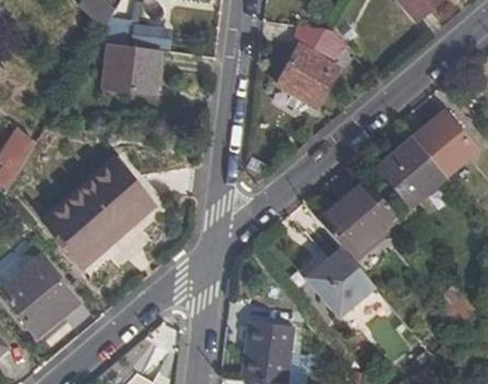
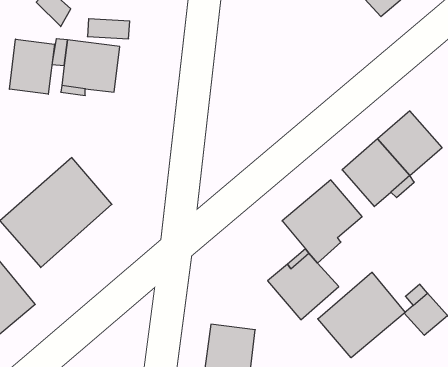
building: [278,24,342,107] -> none
building: none -> [9,39,54,94]
building: none -> [318,272,405,358]

